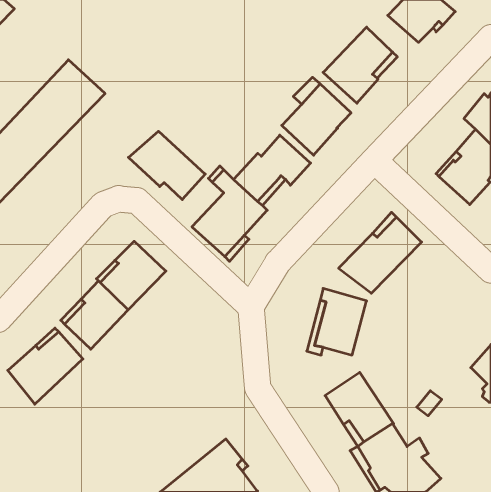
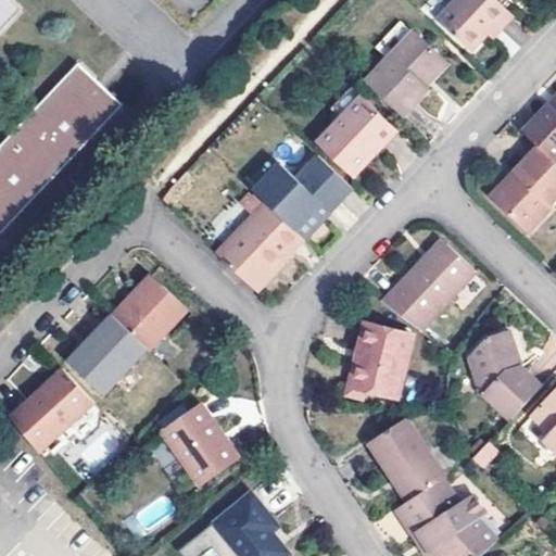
building: [128,131,205,200] -> none
building: none -> [464,332,540,420]
building: none -> [163,404,239,486]

